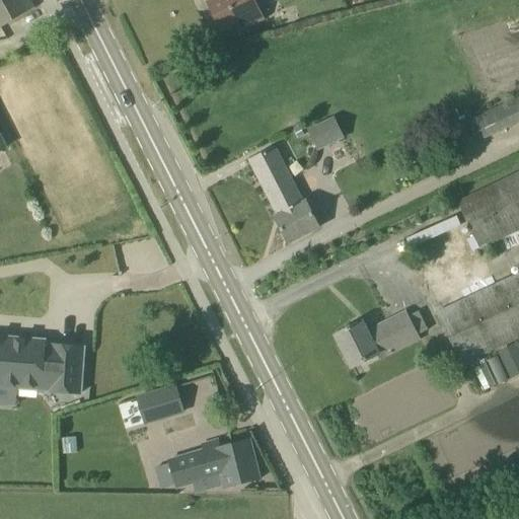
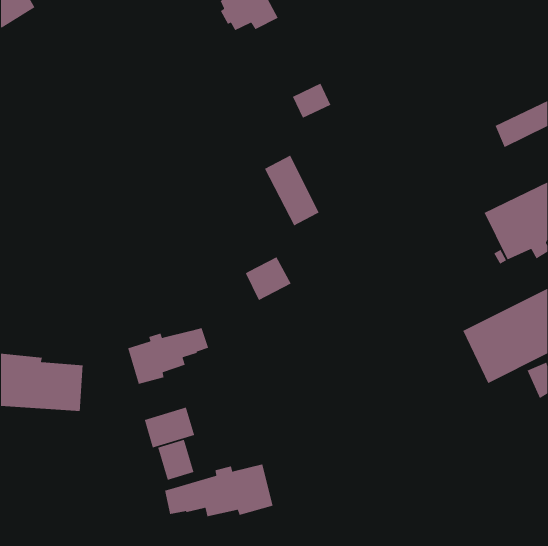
building: [307,115,345,149] -> [292,82,331,119]
building: [275,200,319,242] -> [245,256,292,301]
building: none -> [127,327,209,385]
building: [336,310,420,366] -> none
building: none -> [157,439,194,481]

